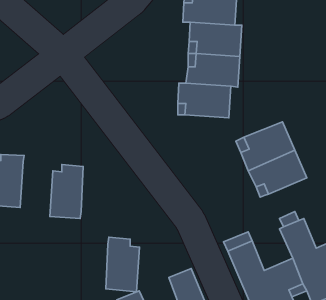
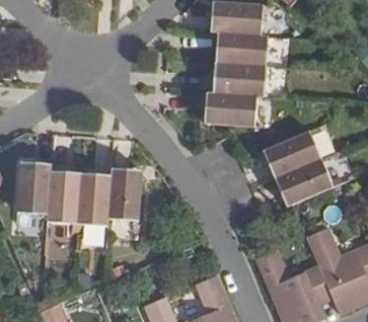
building: none -> [47,170,79,225]
building: [106,237,139,292] -> [107,168,141,223]

